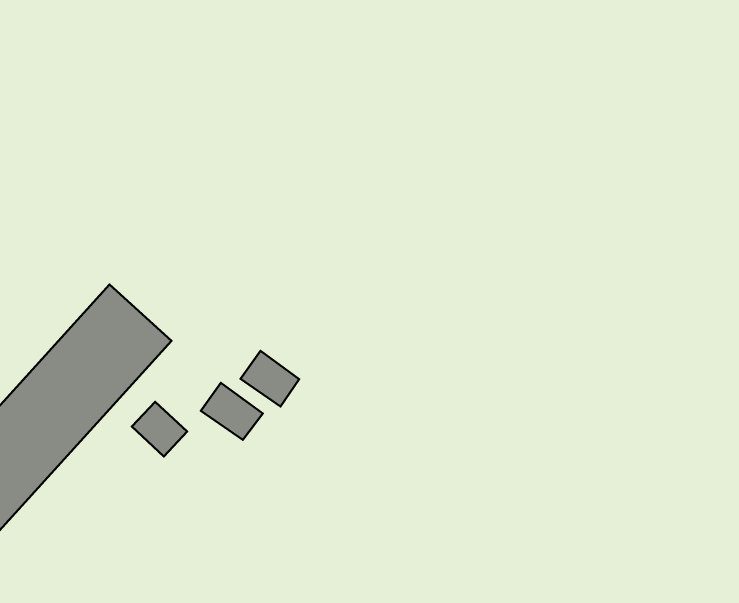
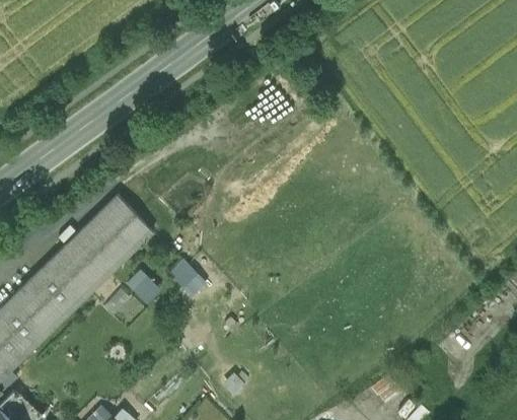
building: [240,351,299,407] -> none

